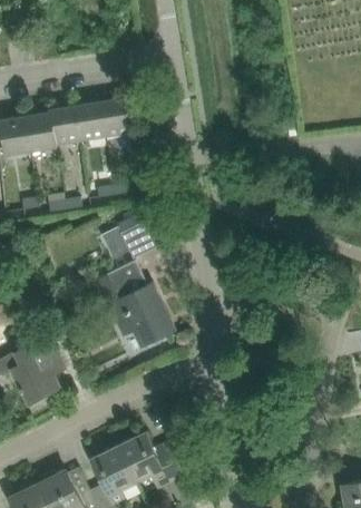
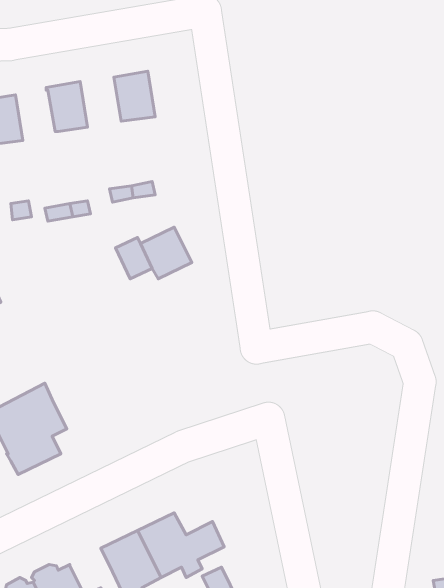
building: [75,102,106,140] -> none
building: [26,113,58,150] -> none
building: [96,260,176,346] -> none

